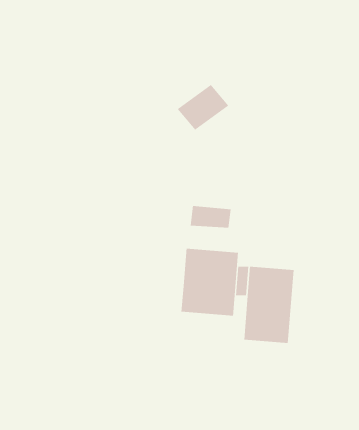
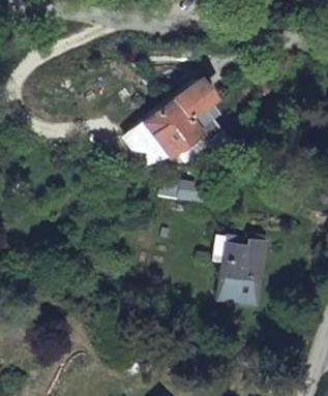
building: none -> [132,99,192,158]
building: [181,248,239,317] -> none

